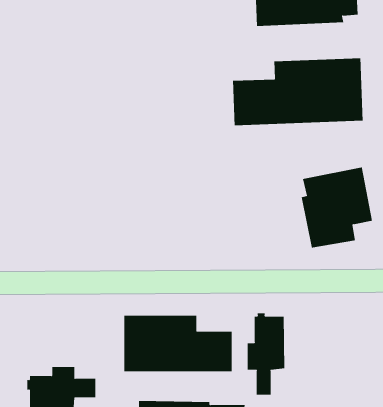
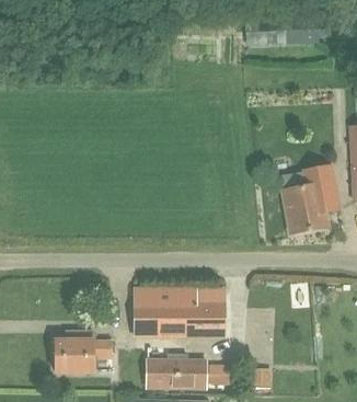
building: [232,58,363,126] -> none
building: [247,313,285,396] -> none

